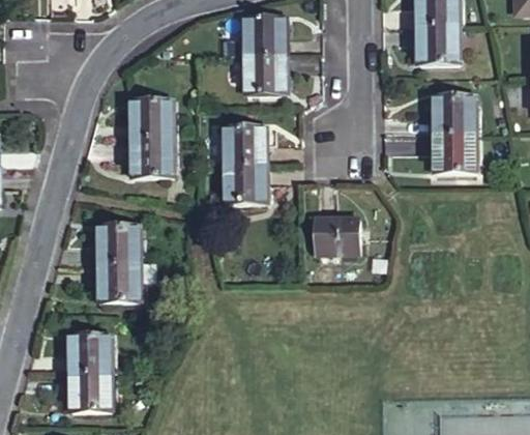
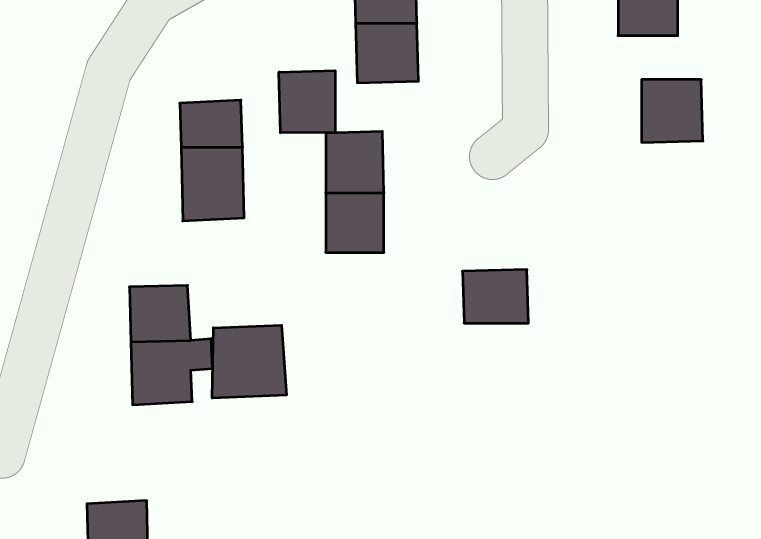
building: none -> [279,71,335,133]
building: [433,131,473,168] -> none
building: none -> [212,325,286,398]
building: [66,334,107,370] -> none

